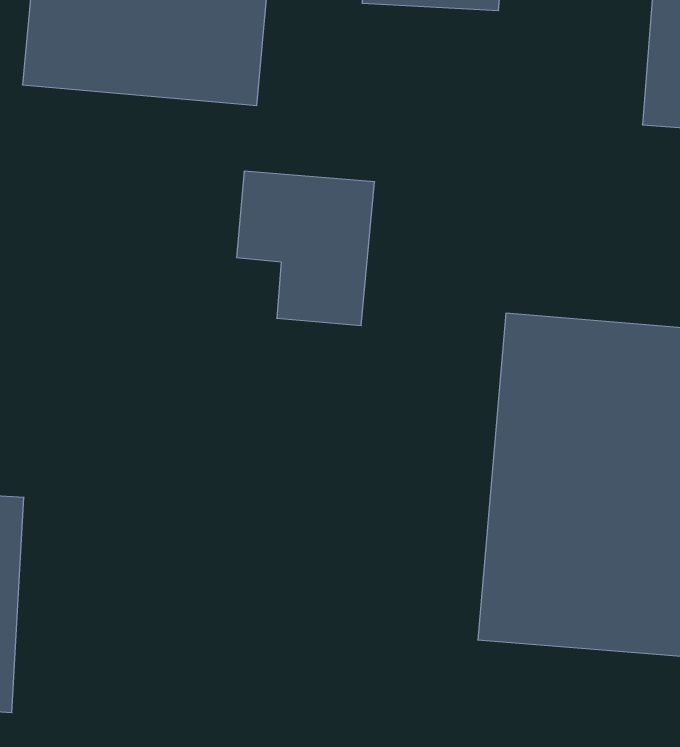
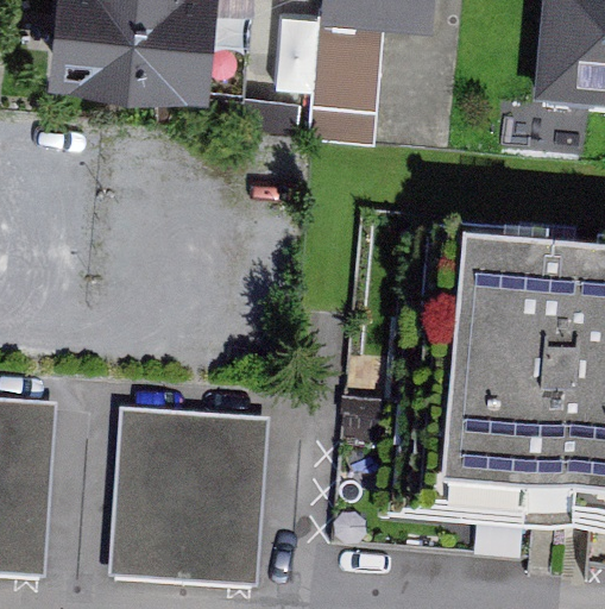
building: [237,171,375,326] -> [275,10,385,133]
building: none -> [112,408,272,584]

